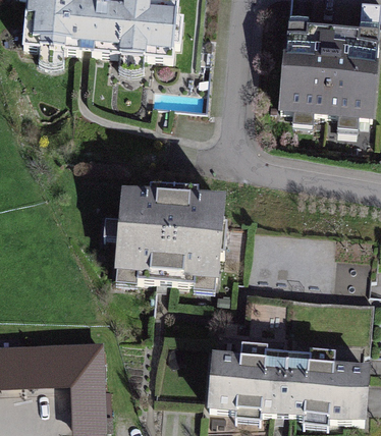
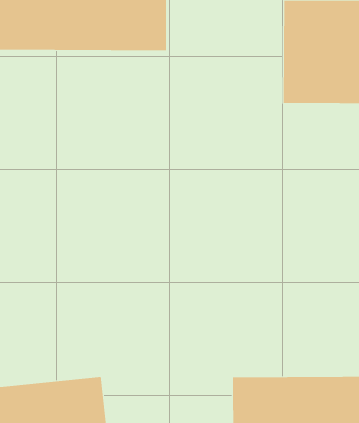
building: [118,189,226,276] -> none

